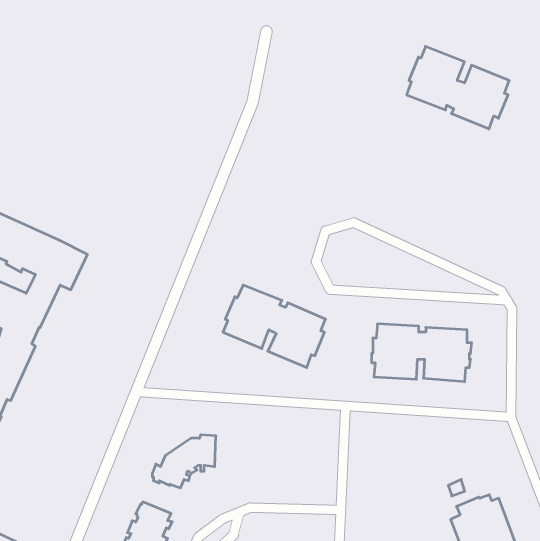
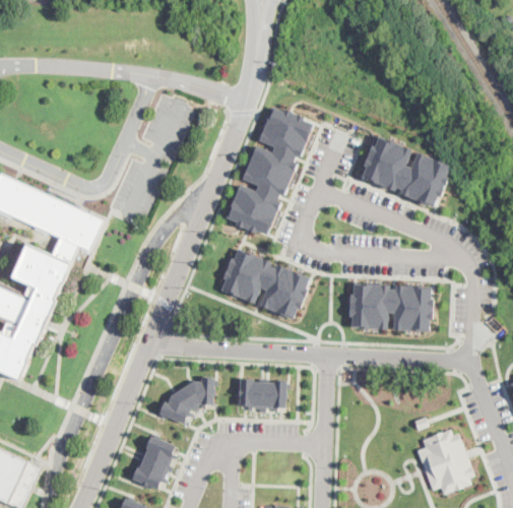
building: [407,46,509,129] -> [361,135,449,206]
building: none -> [225,106,312,234]
building: none -> [236,378,285,411]

